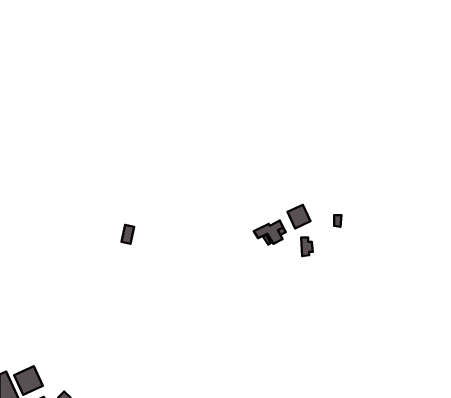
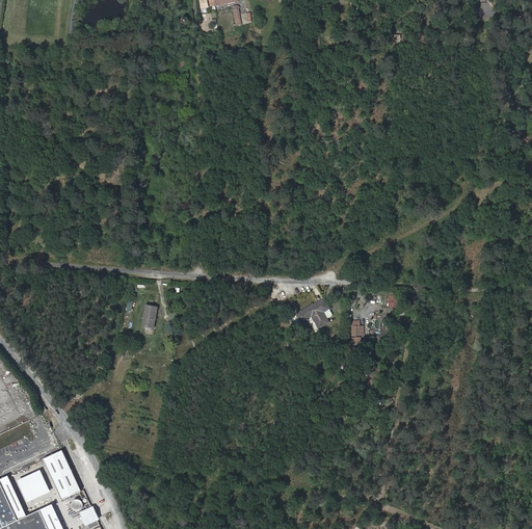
building: [288,205,311,228] -> none
building: none -> [42,451,80,500]

